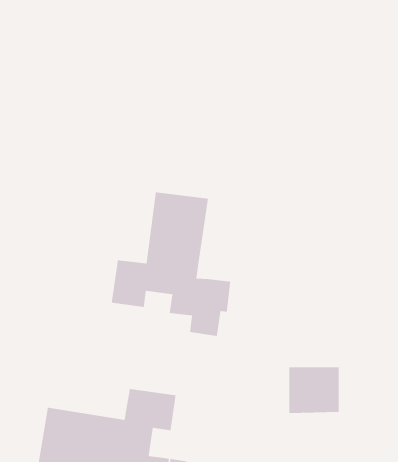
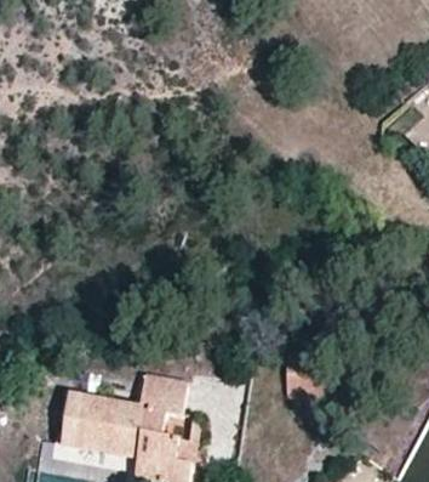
building: [111,191,231,337] -> none

